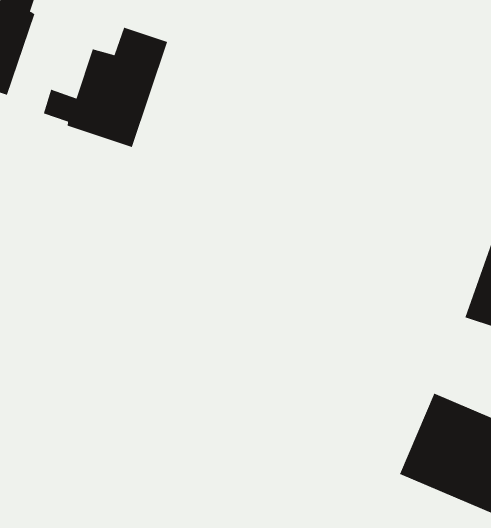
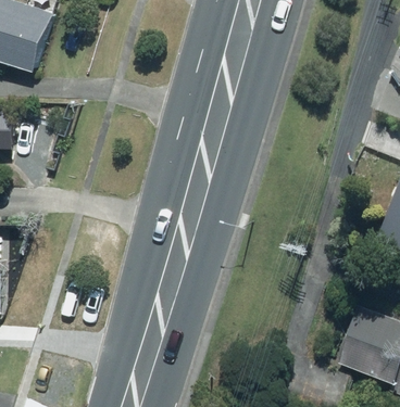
building: [43,27,168,148] -> none

